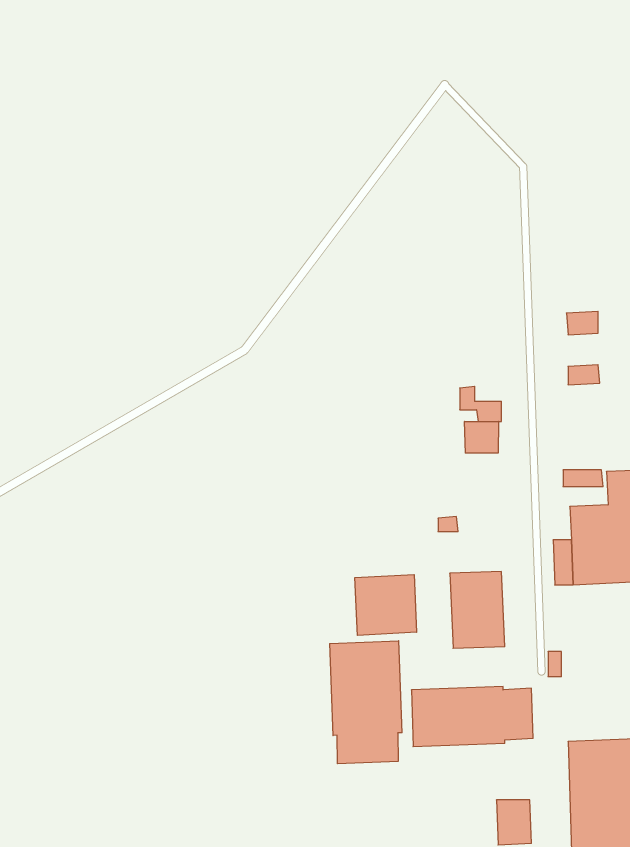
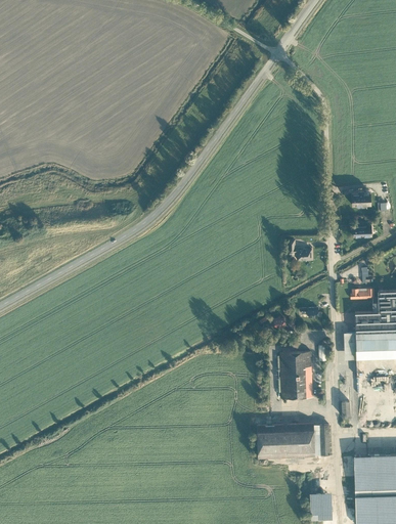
building: [465,421,498,453] -> none
building: [355,575,417,635] -> none
building: [330,641,402,764] -> none

